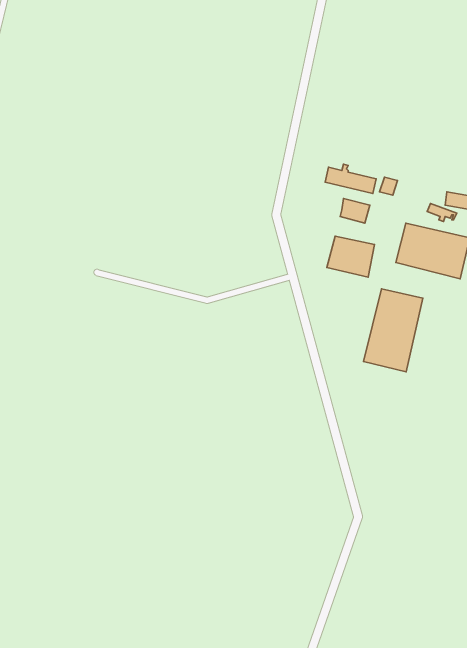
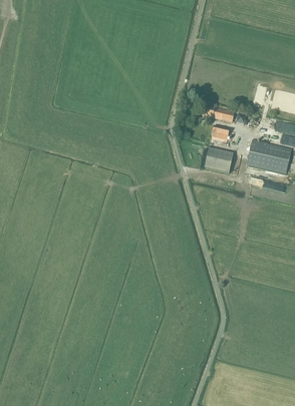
building: [364,289,423,372] -> none

